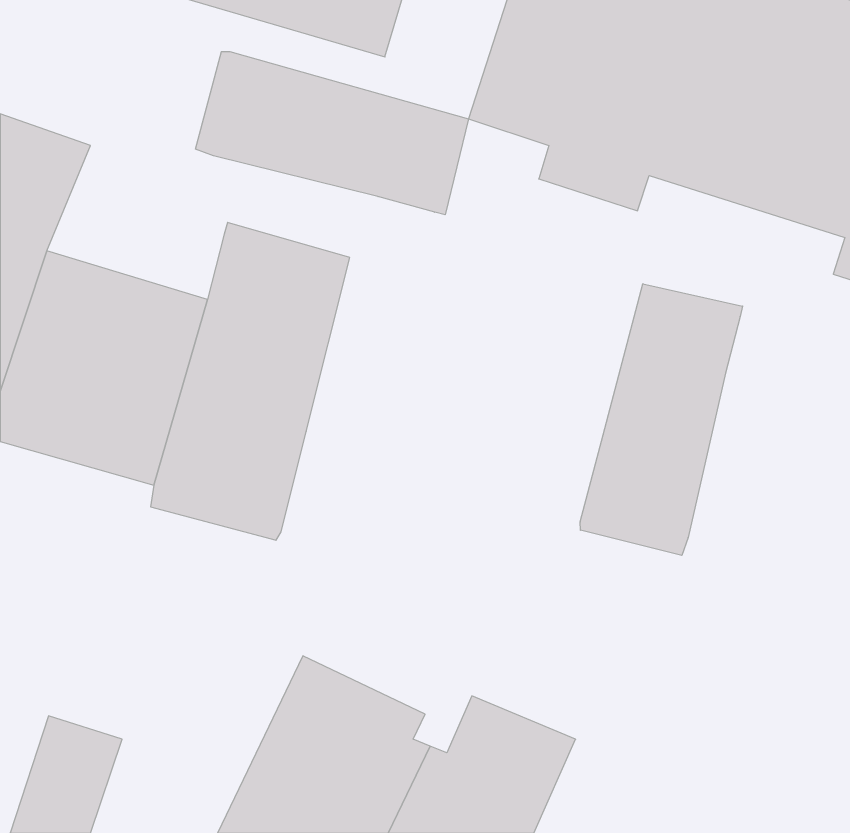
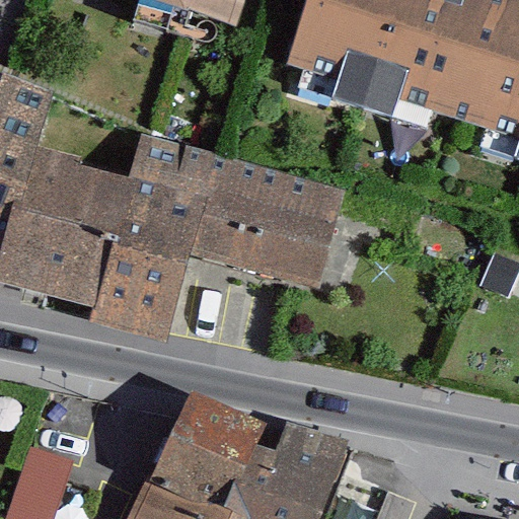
building: [195,52,469,215] -> none
building: none -> [189,156,344,294]
building: [580,284,743,555] -> none

